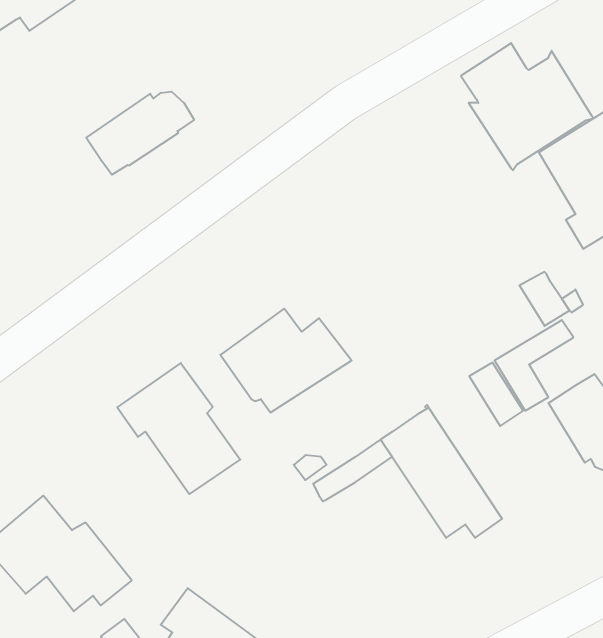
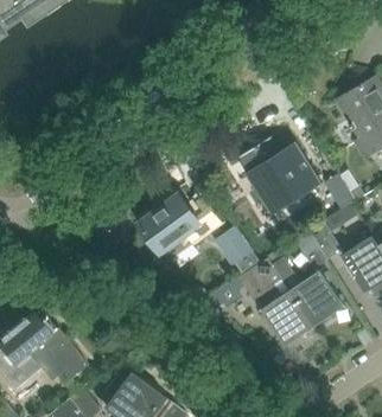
building: [461,43,594,170] -> [240,136,321,214]
building: [86,92,194,175] -> none
building: none -> [214,225,259,272]
building: [117,363,240,494] -> none
building: none -> [268,249,339,326]

